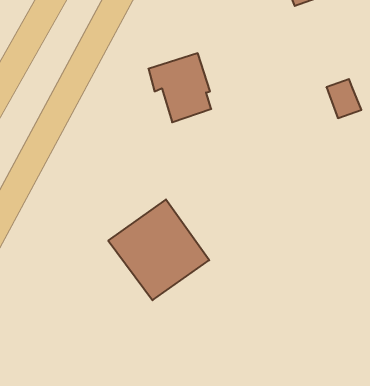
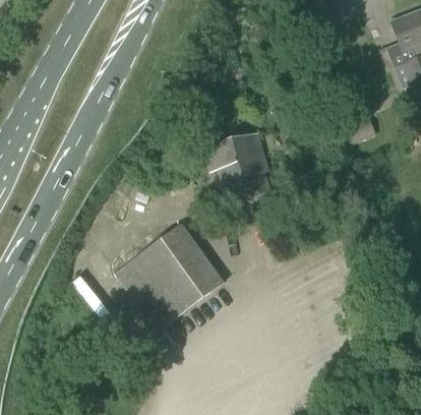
building: [148,53,211,122] -> [207,139,269,207]

